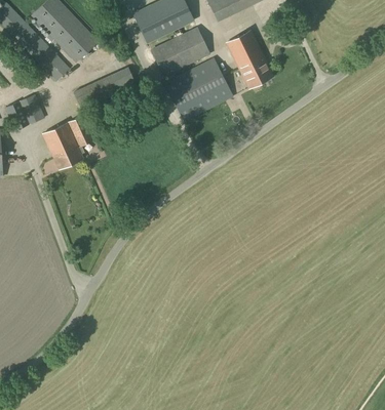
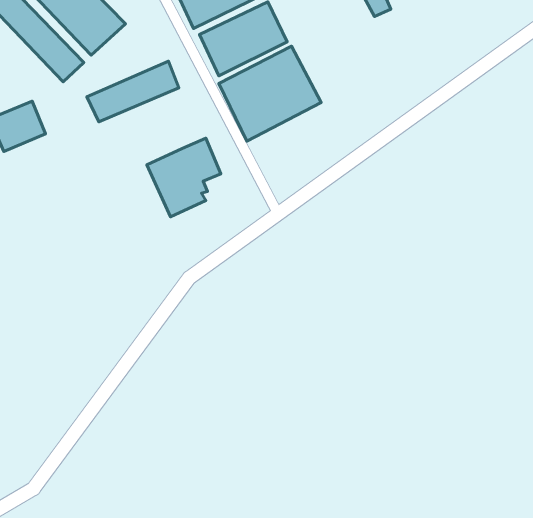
building: [226,30,272,88] -> none
building: [42,115,93,169] -> [147,138,221,217]

